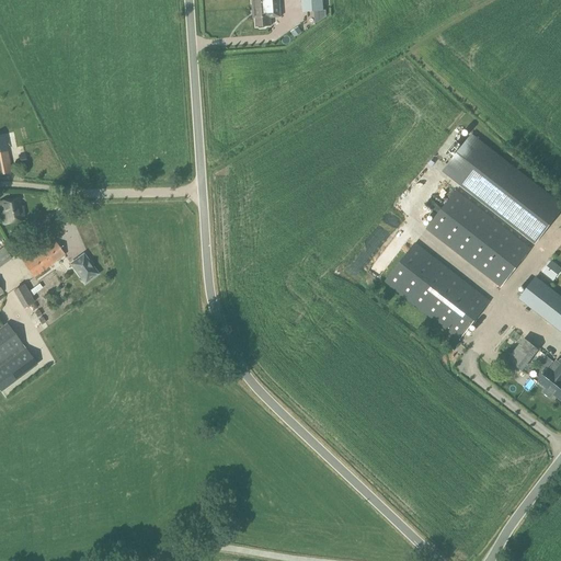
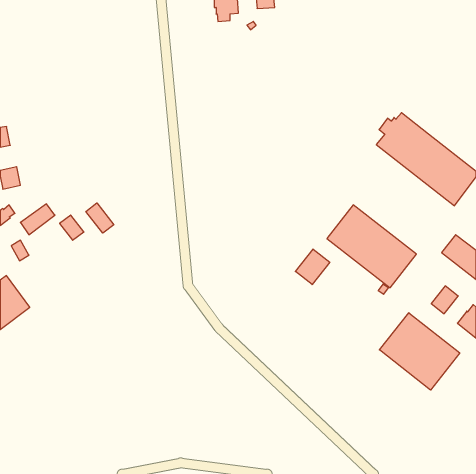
building: [425,179,531,286] -> none
building: none -> [86,203,114,233]
building: none -> [295,249,330,285]
building: none -> [379,313,460,390]

